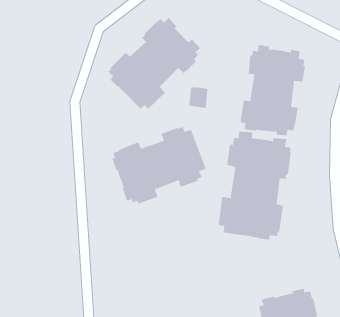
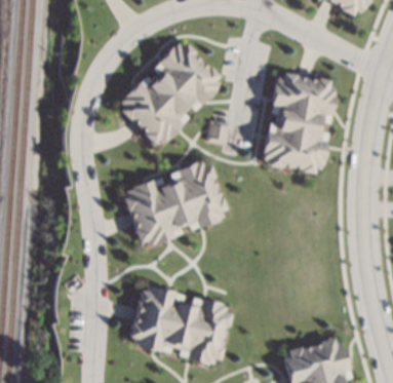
building: [218,131,291,241] -> none
building: none -> [128,285,232,365]

